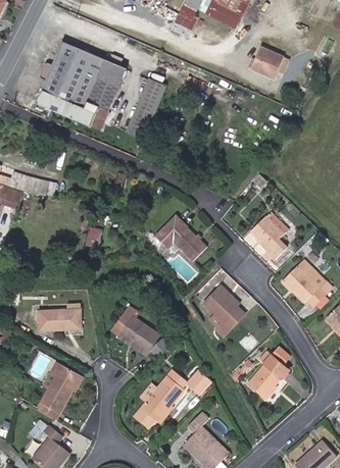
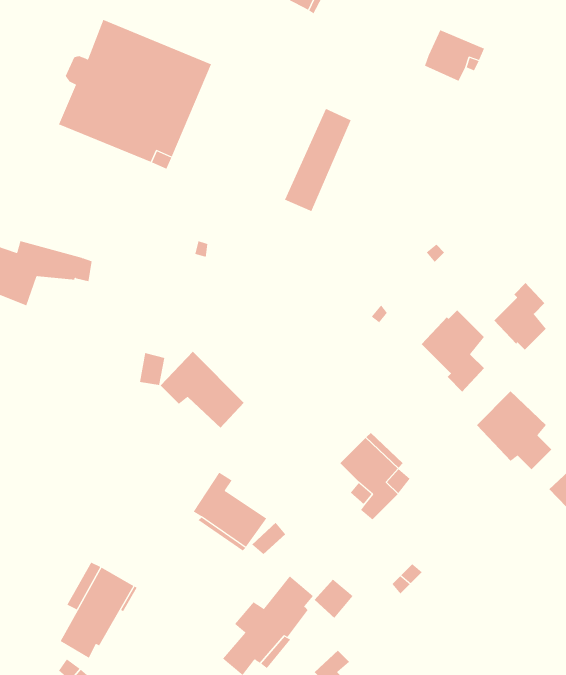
building: [126,77,165,139] -> [284,108,351,212]
building: none -> [493,282,547,351]
building: [156,216,206,262] -> [160,351,245,429]
building: [39,303,81,330] -> none
building: [247,345,292,398] -> none

